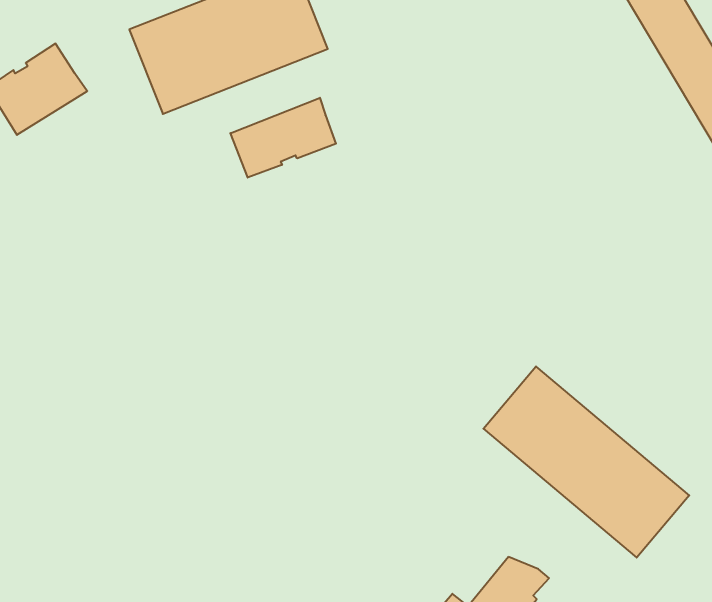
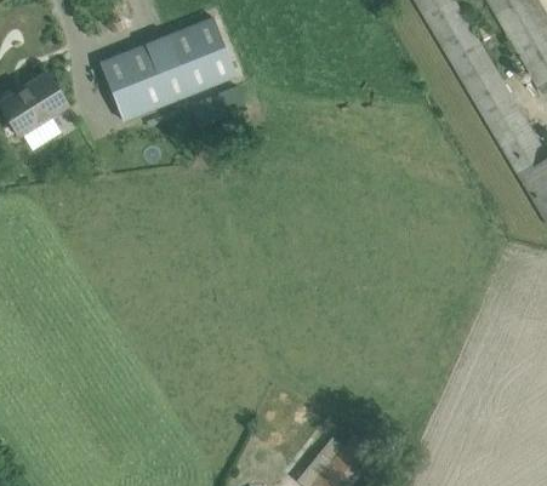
building: [230,98,336,178] -> none
building: [483,366,689,558] -> none

